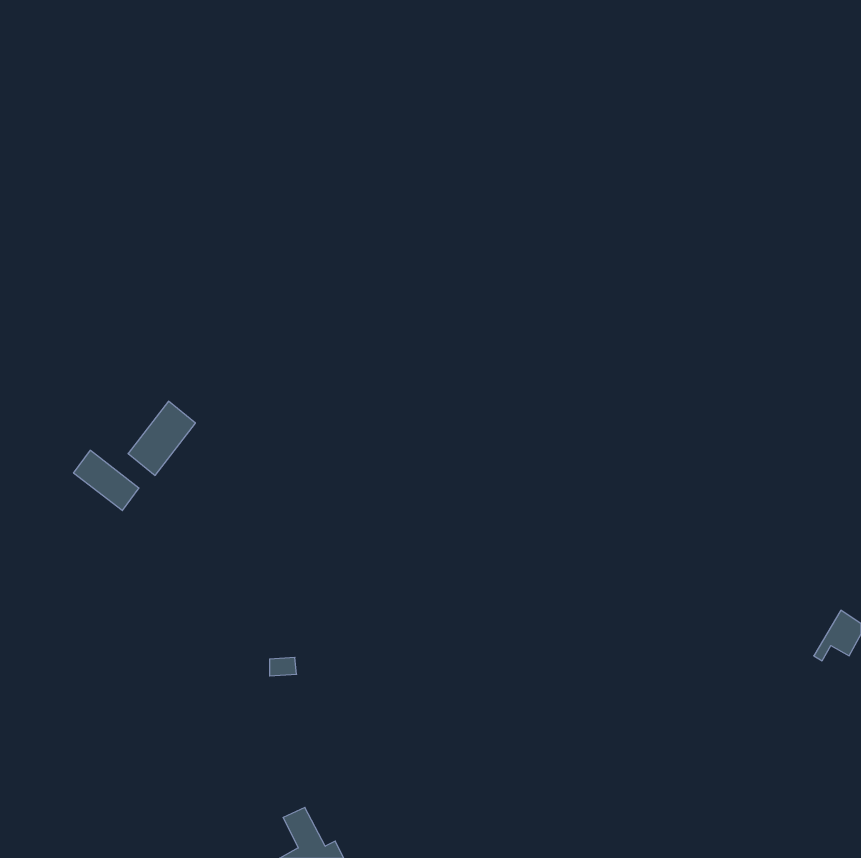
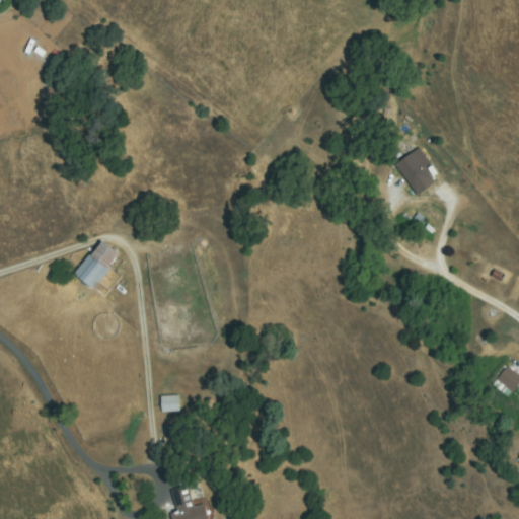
building: none -> [399,151,435,192]
building: [74,450,139,511] -> none

